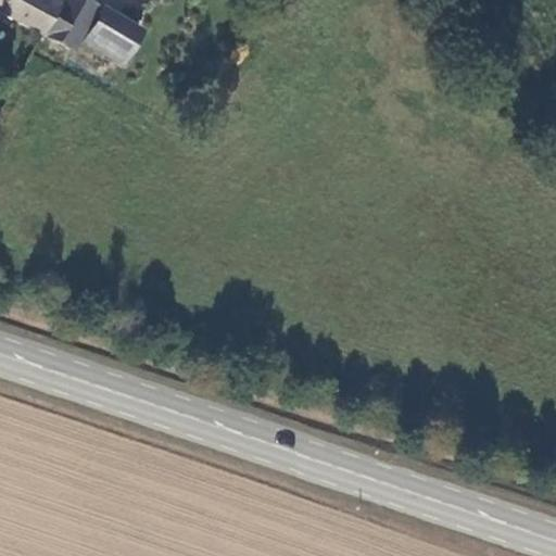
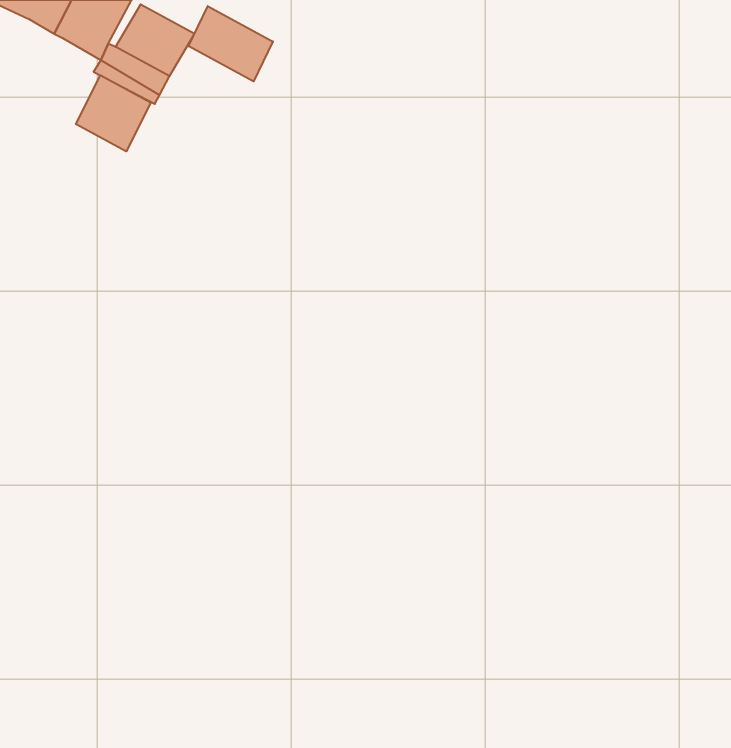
building: none -> [188,6,273,81]
building: none -> [76,75,151,151]

